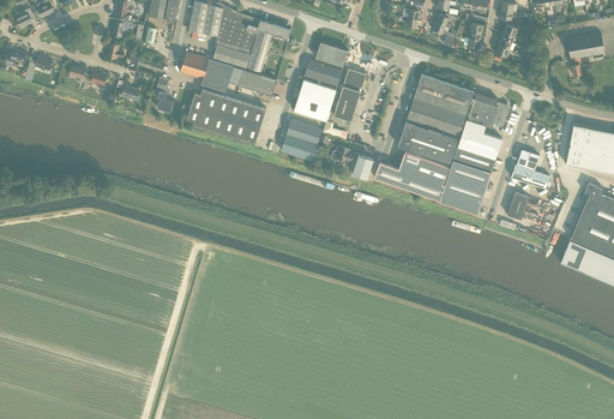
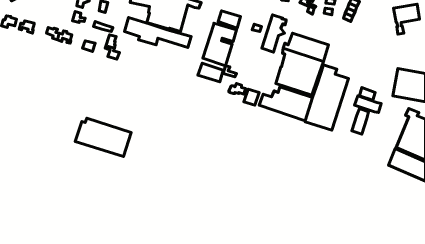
building: [333,67,368,121] -> [262,15,286,52]
building: [186,88,266,143] -> [75,118,131,157]
building: [468,91,510,127] -> none
building: [282,133,319,160] -> none

